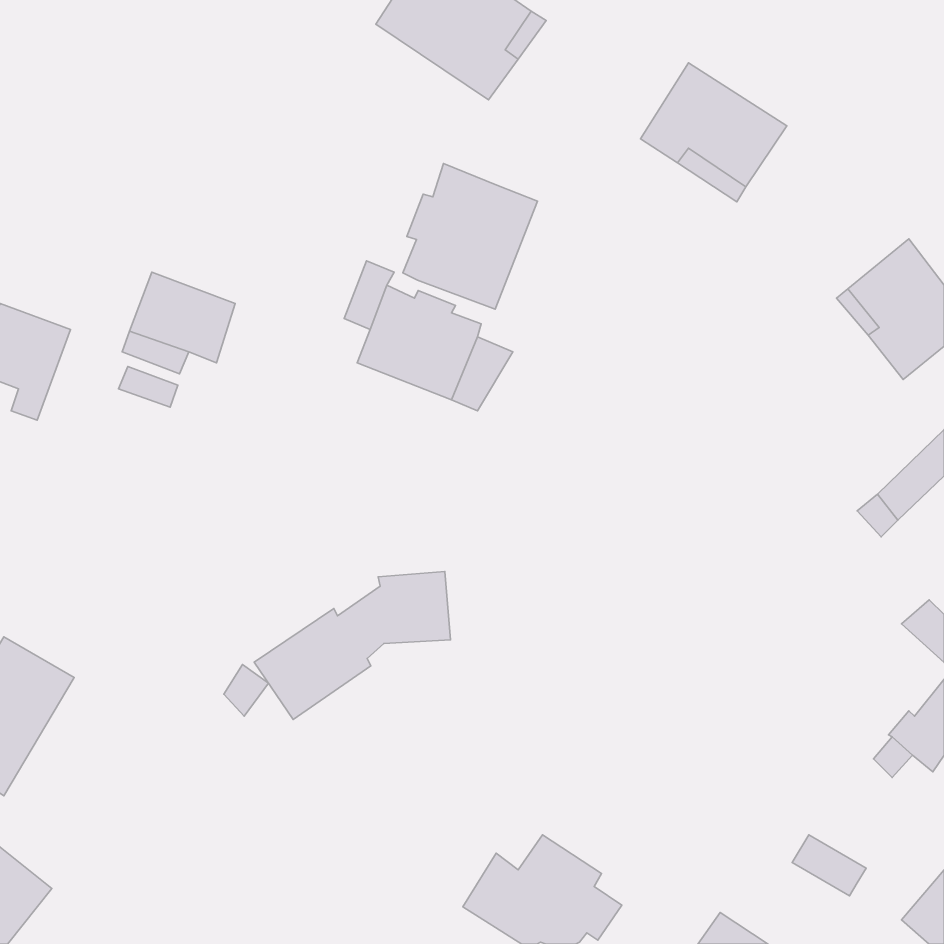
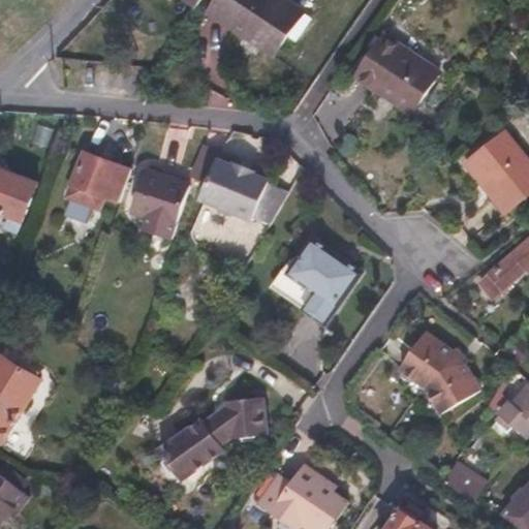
building: [403,163,537,309] -> none
building: none -> [134,170,189,239]
building: none -> [273,241,359,328]
building: [254,571,450,719] -> [156,396,266,478]
building: none -> [388,320,477,407]

